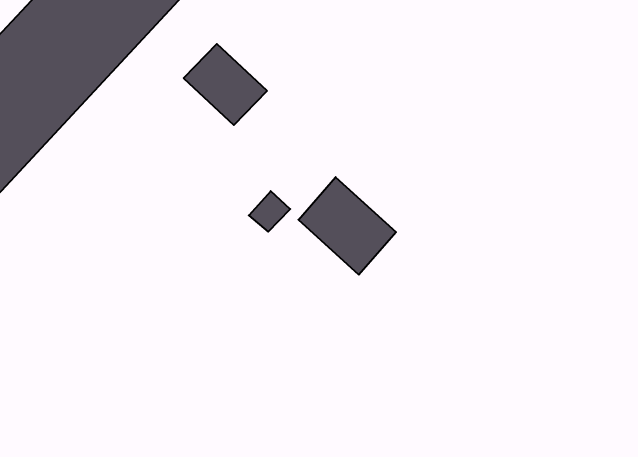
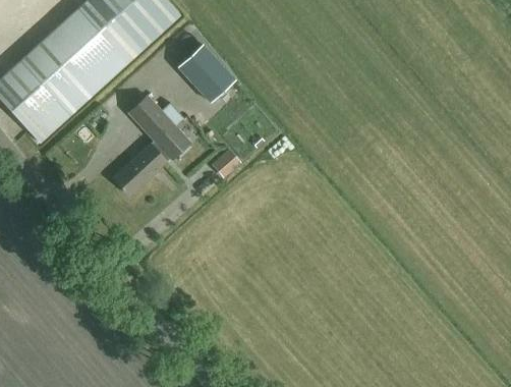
building: none -> [114,97,190,195]
building: [298,177,396,275] -> none

